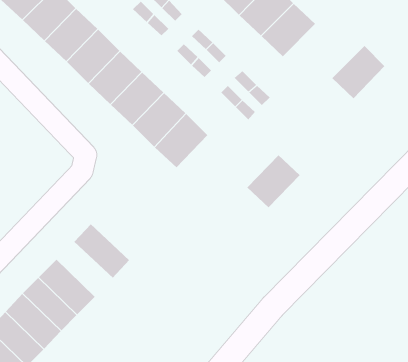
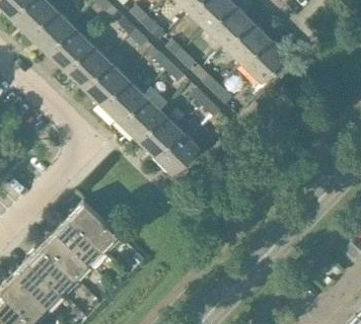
building: [331,45,385,99] -> [243,38,288,83]
building: [247,154,300,208] -> [155,131,200,175]
building: none -> [56,219,102,264]

